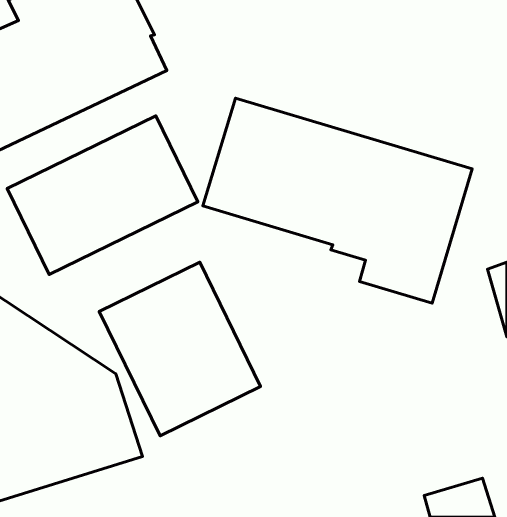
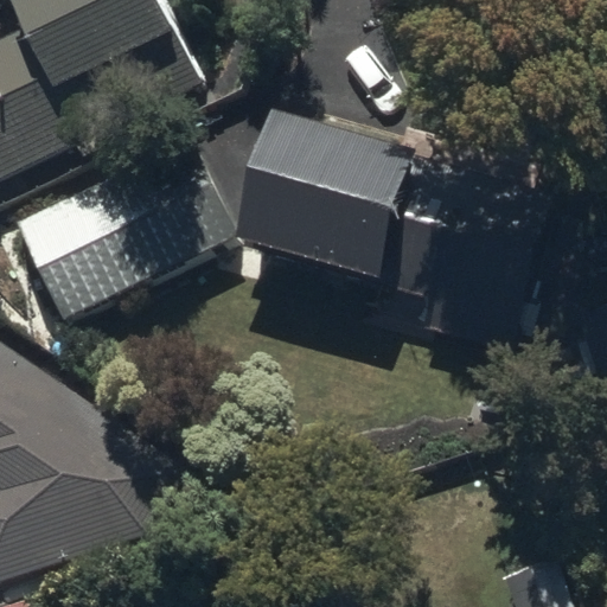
building: [99,262,261,436] -> none

